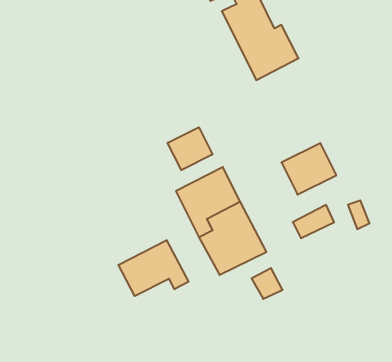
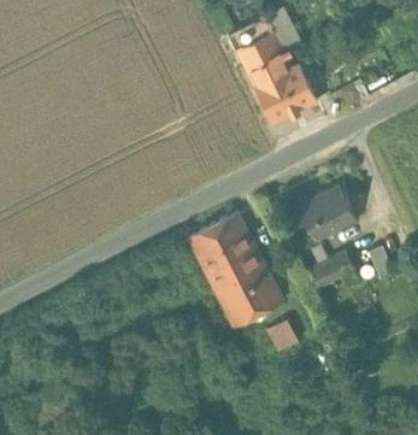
building: [168,127,212,170] -> none
building: [118,240,188,296] -> none

